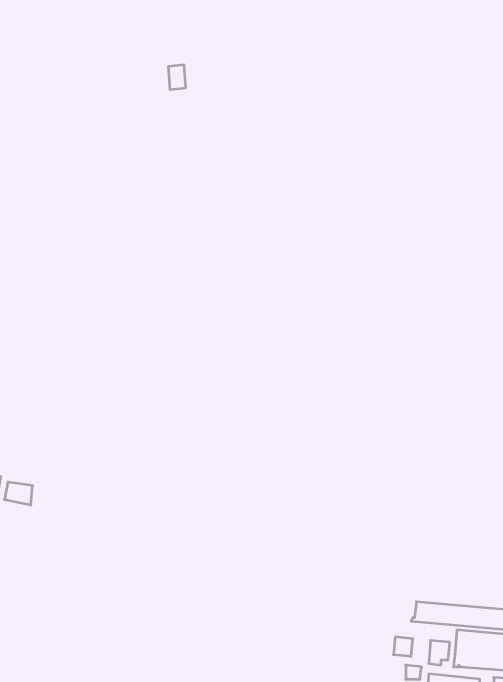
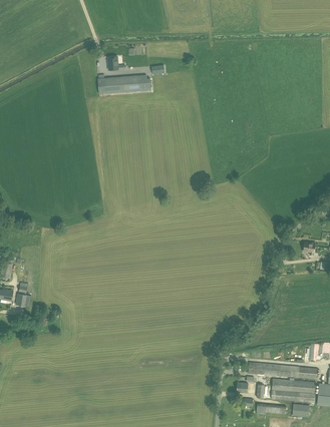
building: none -> [98,74,151,92]

